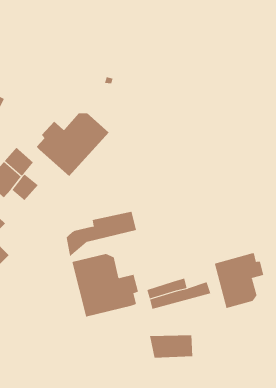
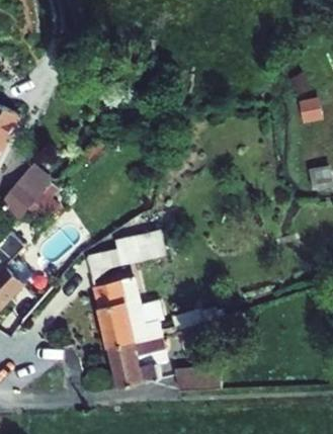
building: [36,112,110,177] -> none
building: [214,253,264,309] -> none
building: none -> [108,334,169,387]

